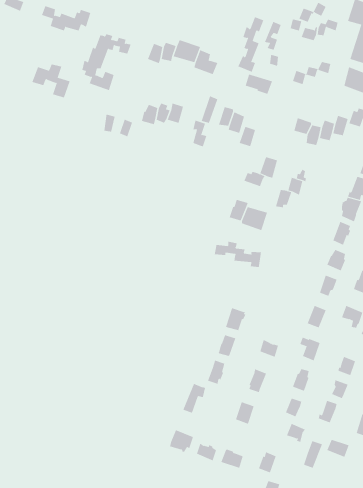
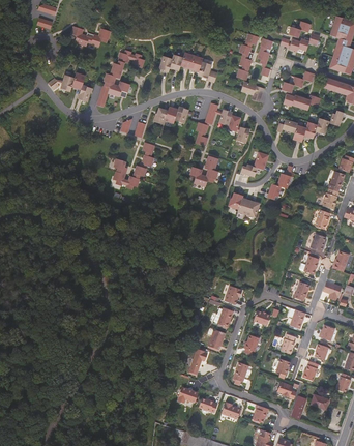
building: none -> [284,95,321,111]
building: none -> [109,143,155,189]
building: none -> [191,155,217,189]
building: [214,241,262,268] -> none

